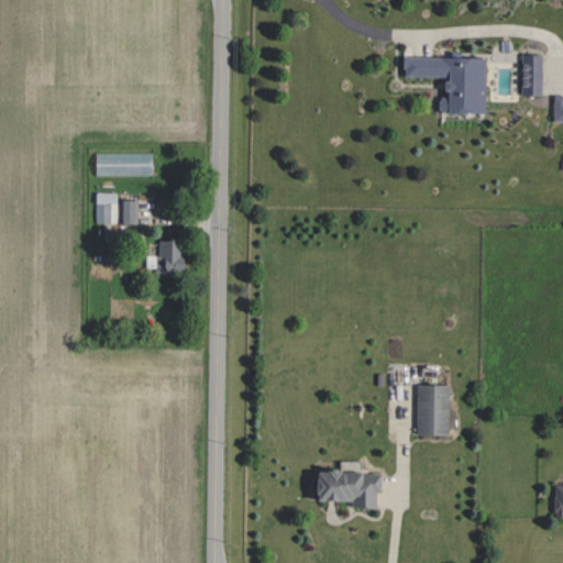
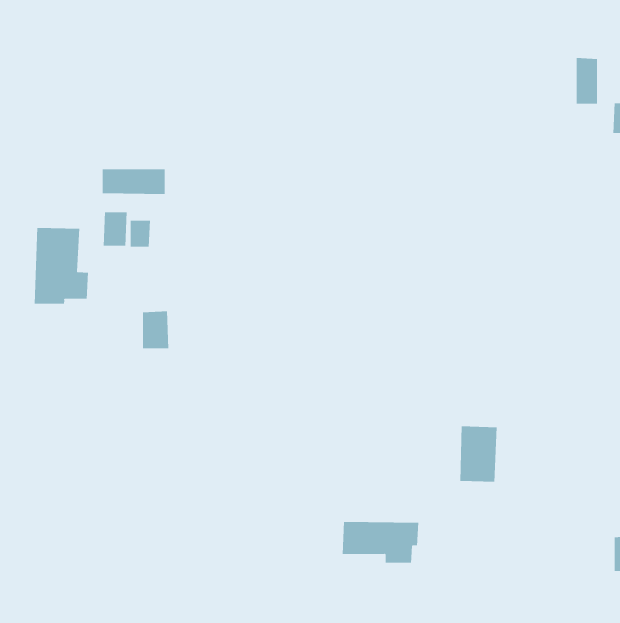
building: [404,56,486,113] -> none
building: none -> [34,227,89,305]
building: [159,240,184,274] -> [142,311,169,349]

